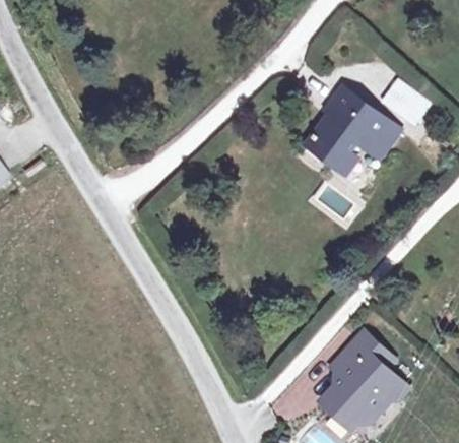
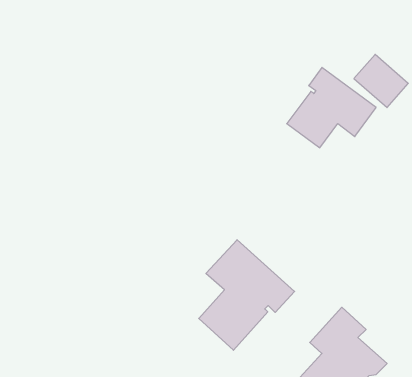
building: none -> [199,240,295,350]

